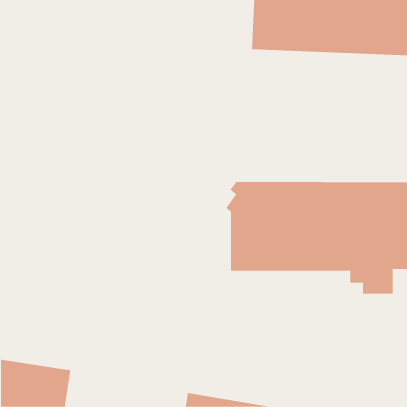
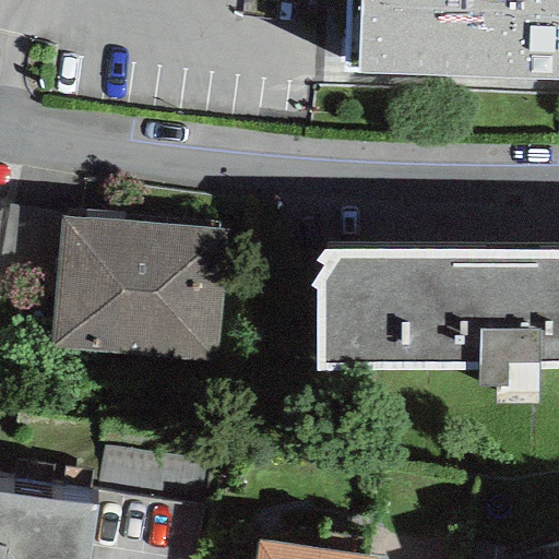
building: none -> [53,216,228,356]

